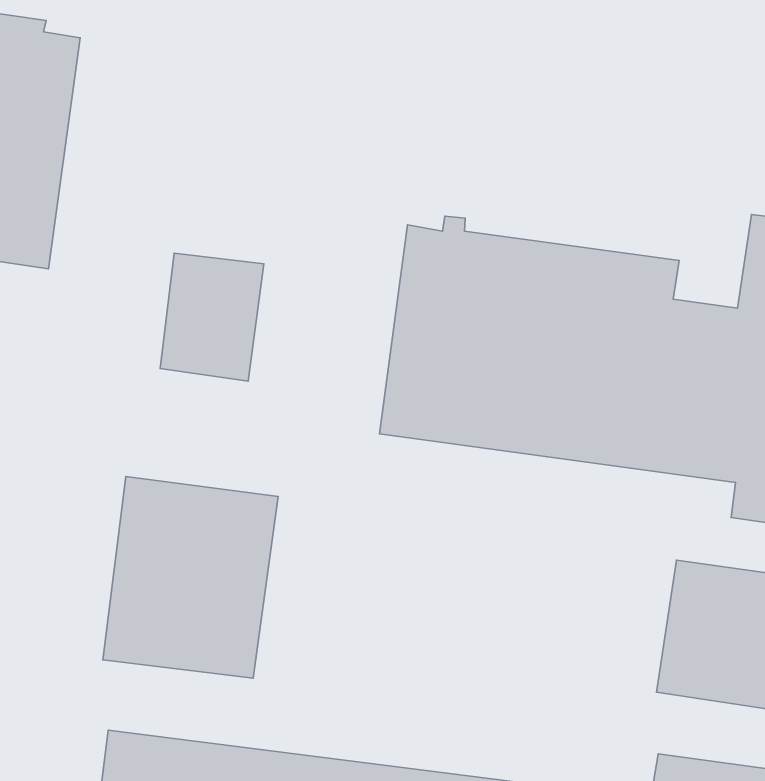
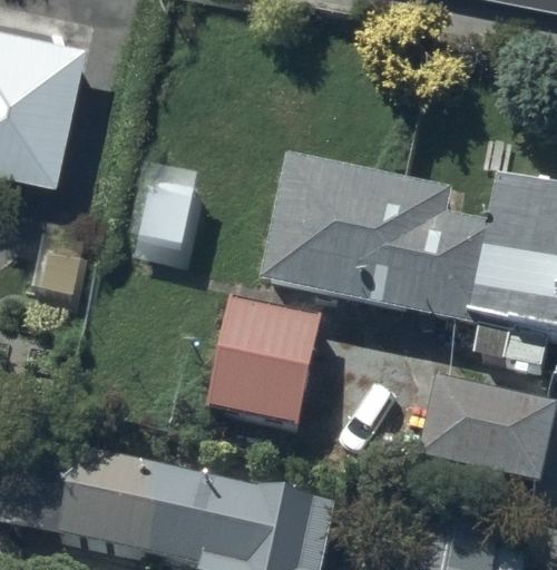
building: [103,476,278,678] -> [206,299,322,430]

